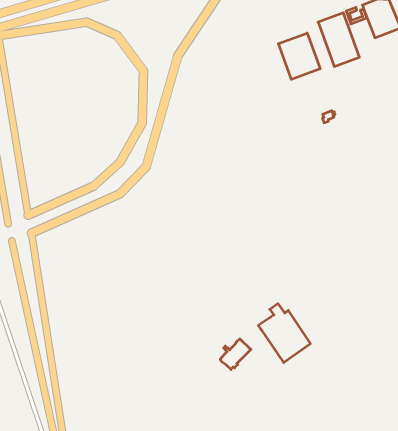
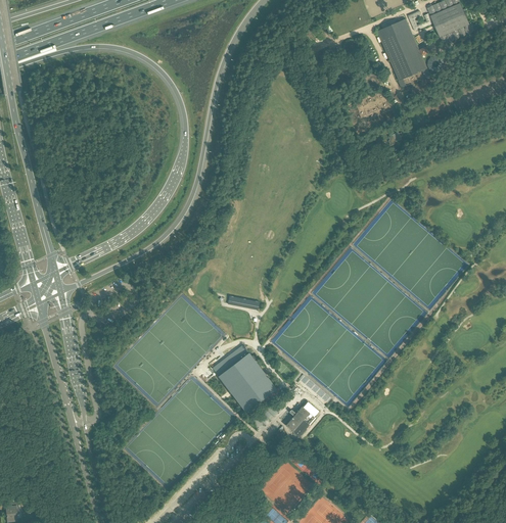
building: [278,33,320,79] -> none
building: [258,304,310,363] -> [215,345,276,413]

